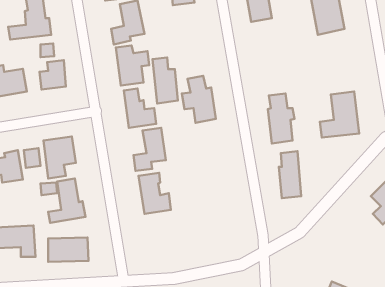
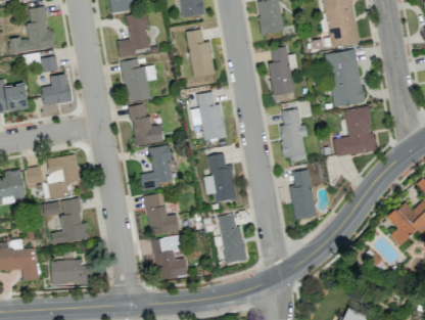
building: none -> [269,47,297,95]
building: none -> [327,50,364,106]
building: [152,57,178,103] -> [187,30,214,78]
building: none -> [204,154,236,201]
building: none -> [219,214,247,264]
building: none -> [152,235,187,279]

